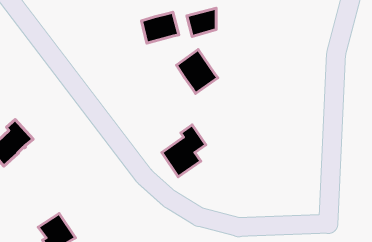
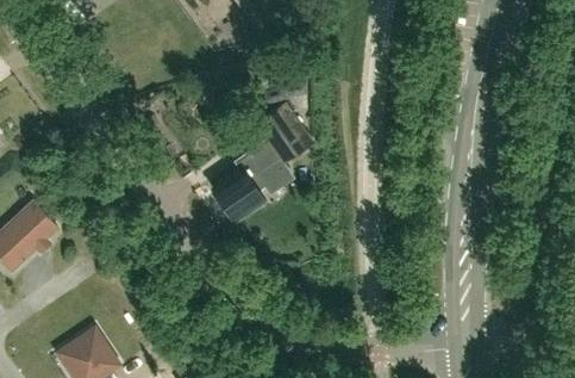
building: [141,12,179,43] -> none
building: [162,125,206,177] -> [213,151,274,223]

